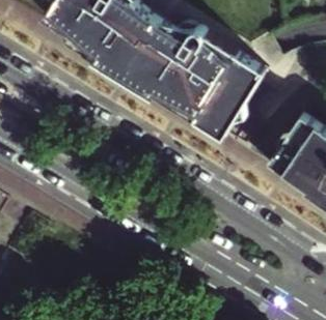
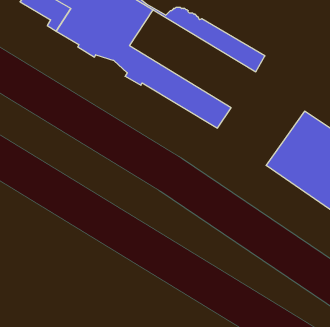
building: [140,24,256,114] -> none

